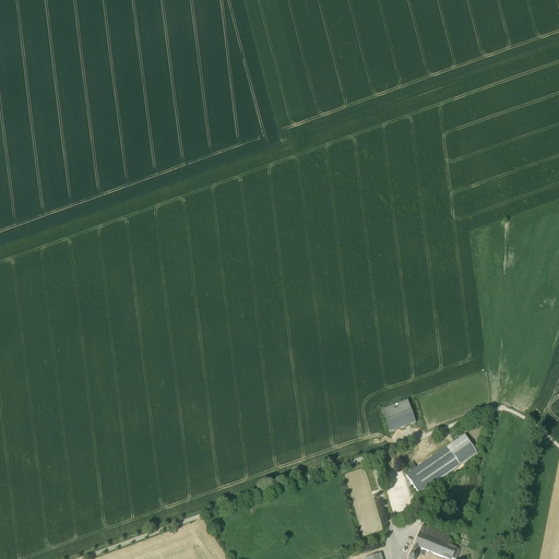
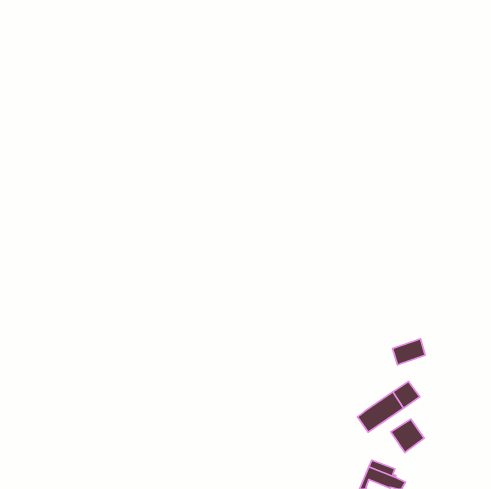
building: [384,404,421,433] -> [393,339,425,365]
building: none -> [391,419,424,453]

